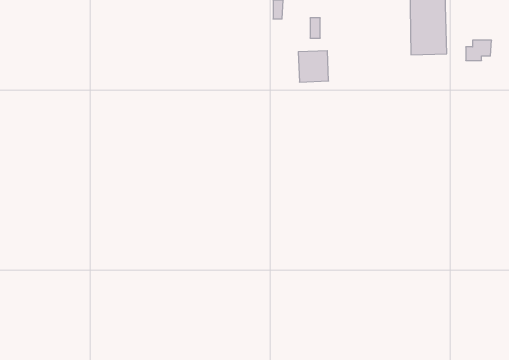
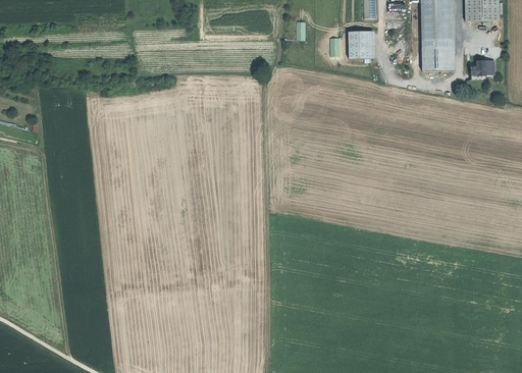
building: [298,51,329,82] -> [347,30,374,58]

